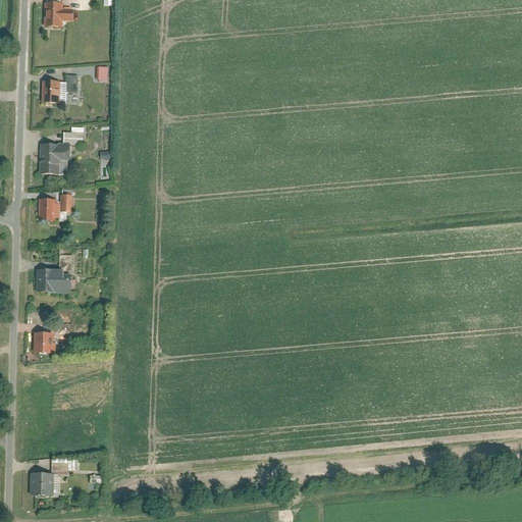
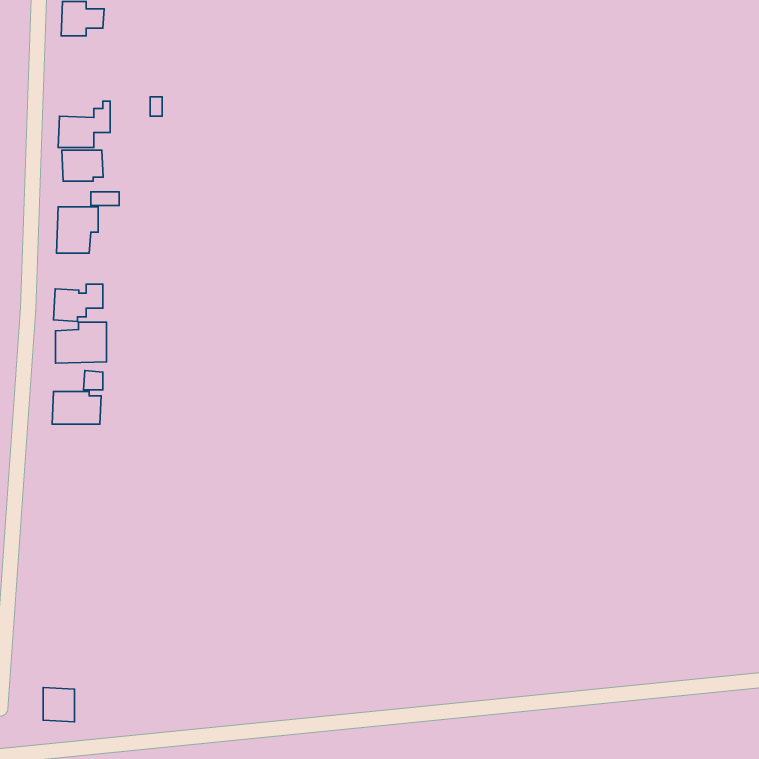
building: none -> [62,150,103,181]
building: none -> [56,322,107,363]
building: [34,331,52,352] -> none

